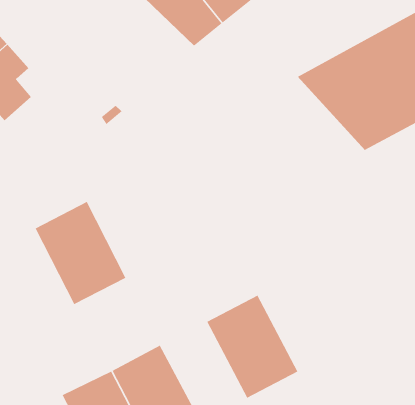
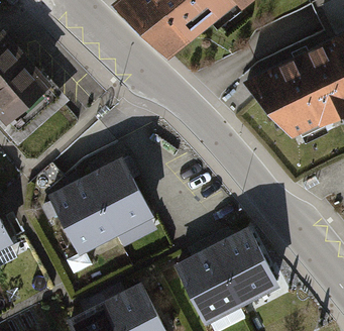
building: none -> [87,158,158,248]
building: none -> [214,226,282,303]

